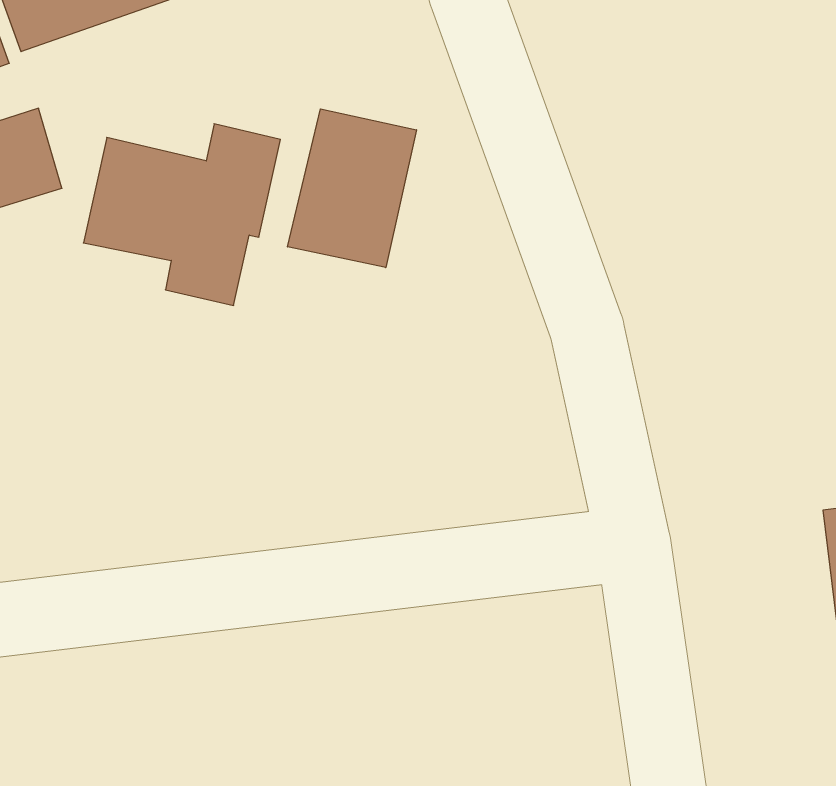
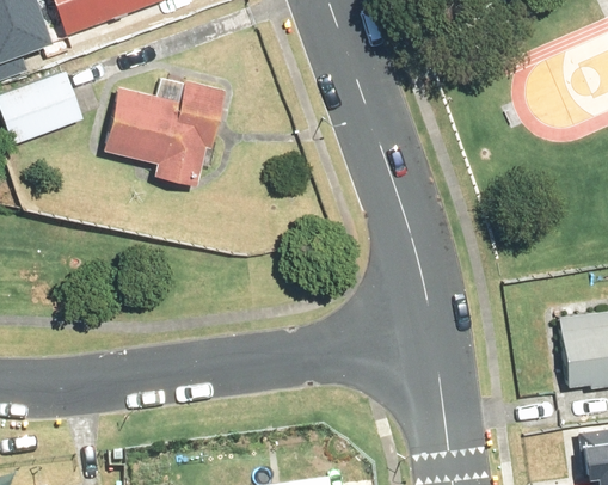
building: [288,109,416,268] -> none

